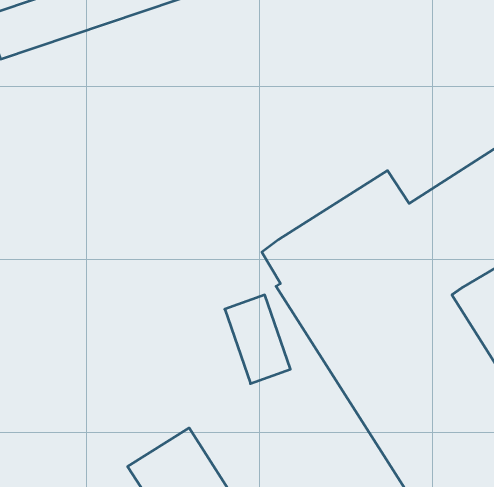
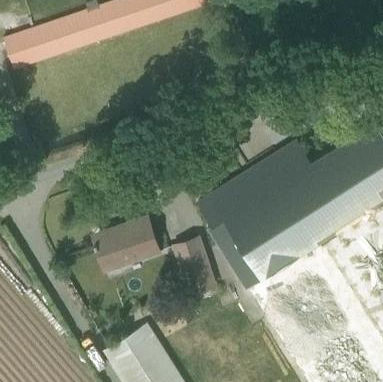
building: none -> [95,216,160,272]

